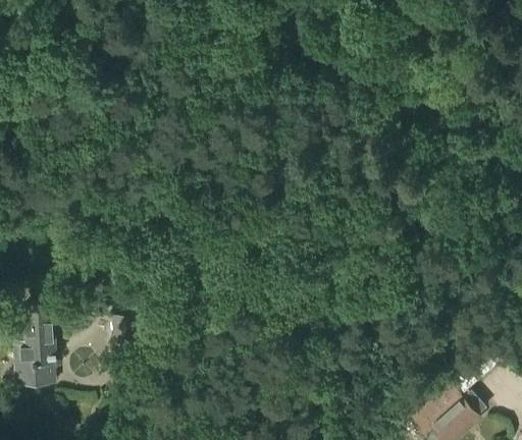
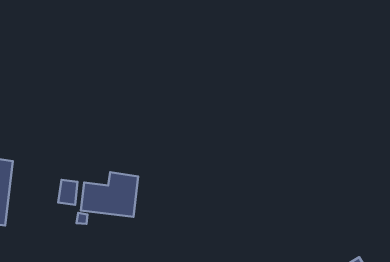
building: none -> [81,172,138,217]

